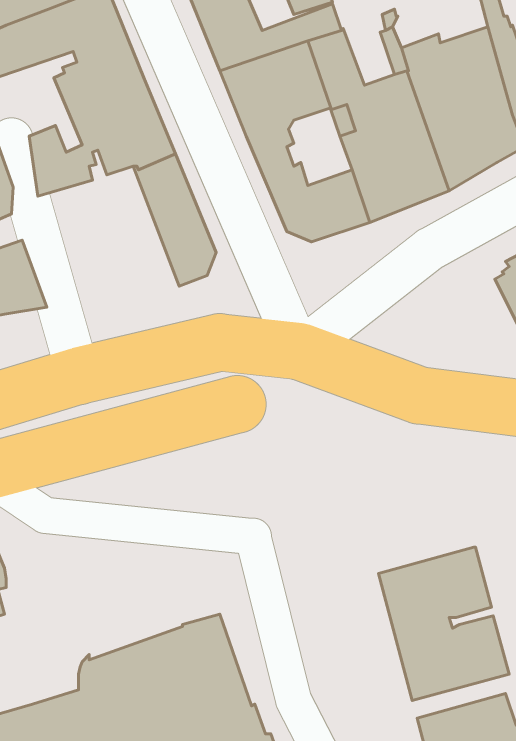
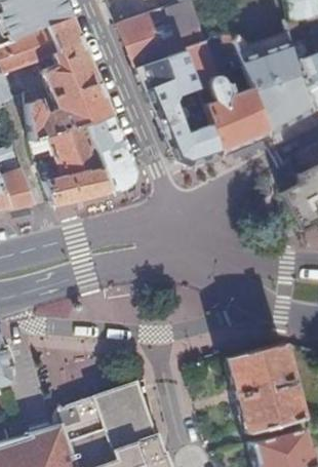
building: none -> [31,121,113,204]

